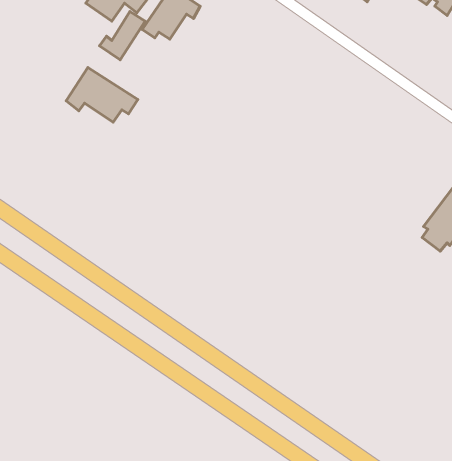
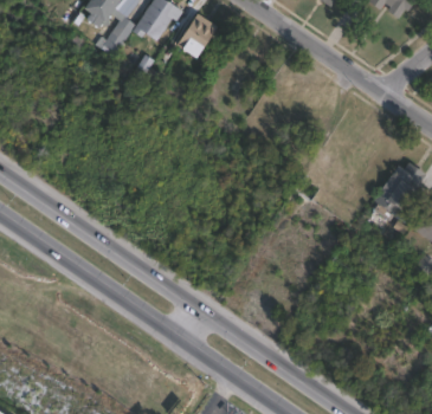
building: none -> [179,14,218,58]
building: [66,67,138,122] -> none

